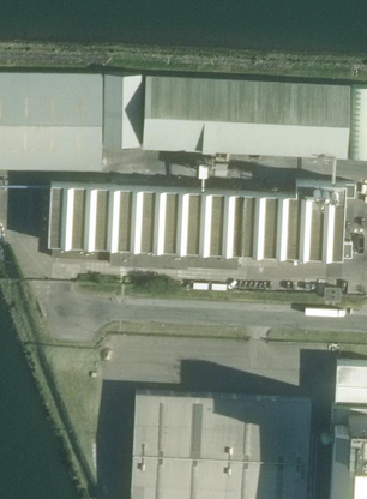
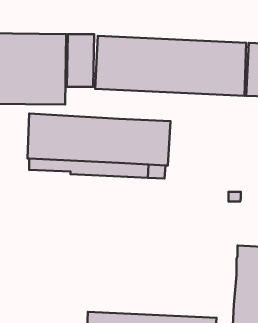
building: [241,182,355,259] -> none
building: [132,393,309,462] -> none

